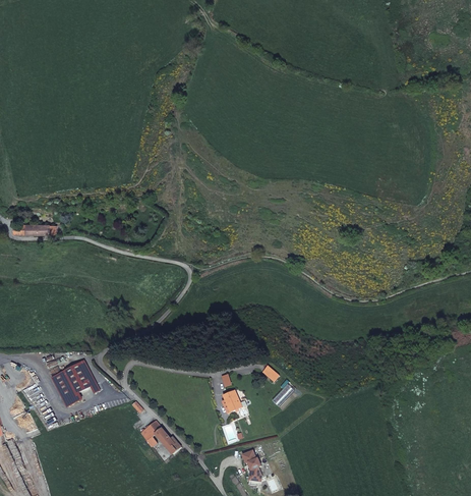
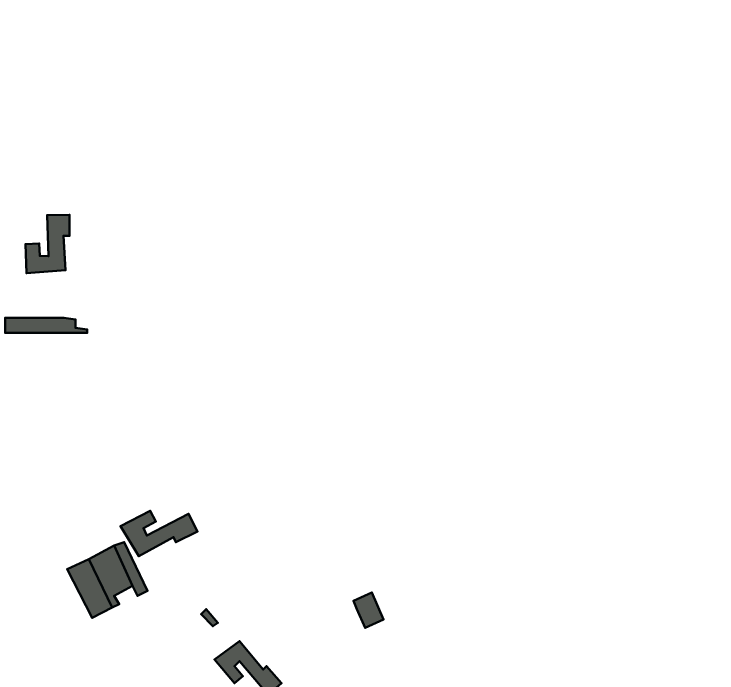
building: none -> [26,215,69,273]
building: none -> [121,511,198,556]

